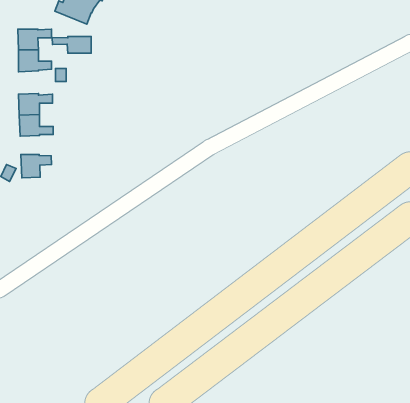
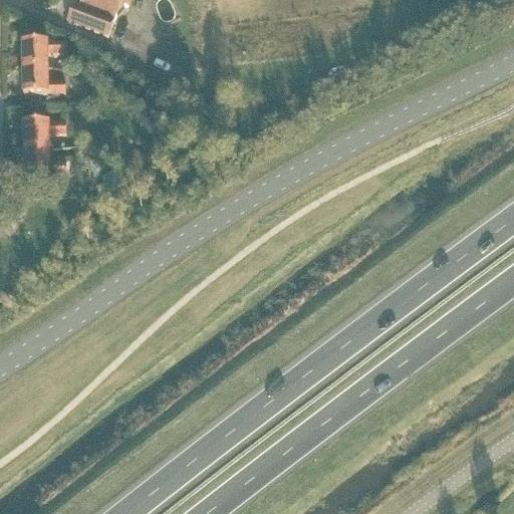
building: [52,37,91,53] -> none
building: [21,154,51,178] -> none

